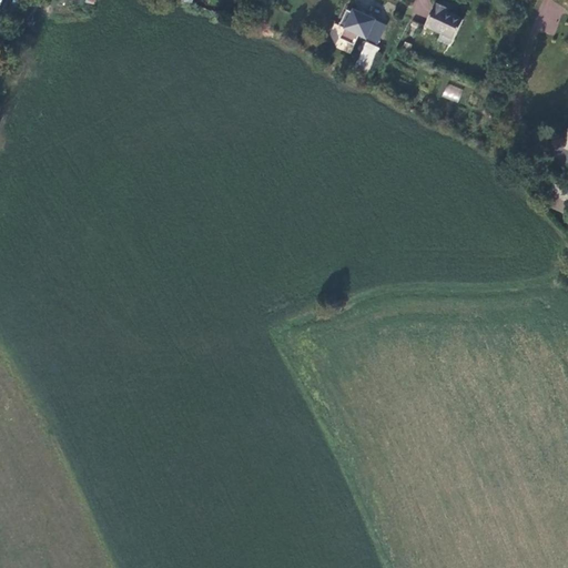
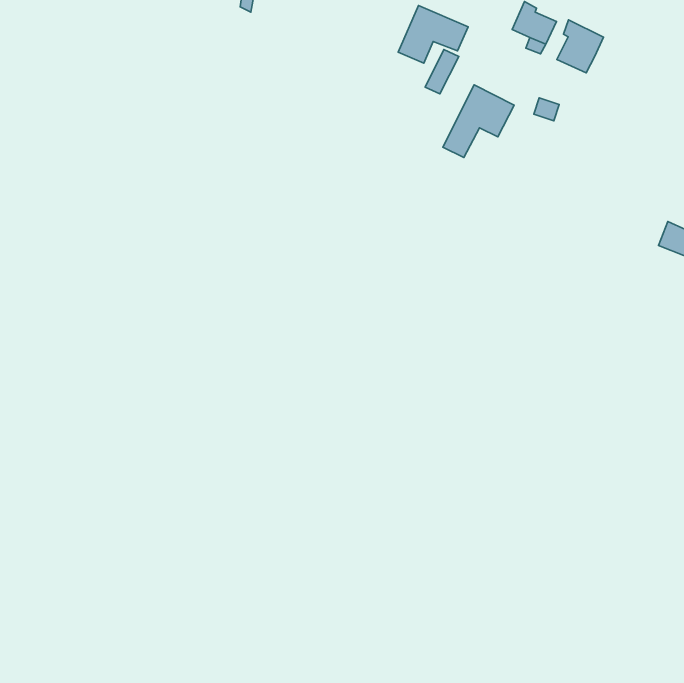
building: none -> [557,20,604,73]
building: none -> [443,85,514,157]

